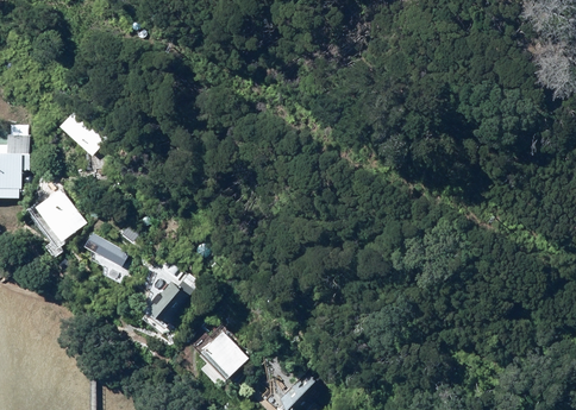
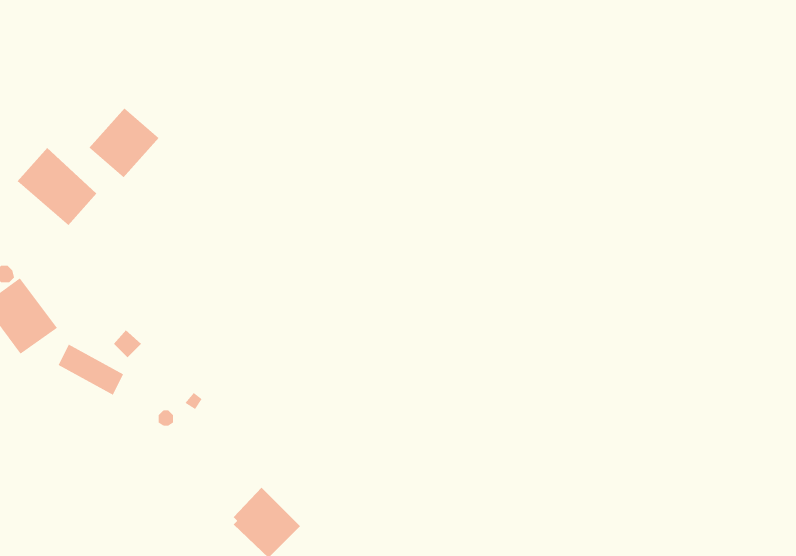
building: none -> [88,108,160,178]
building: [149,283,188,323] -> none

